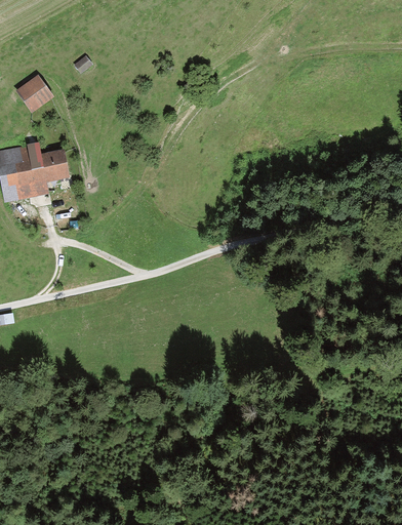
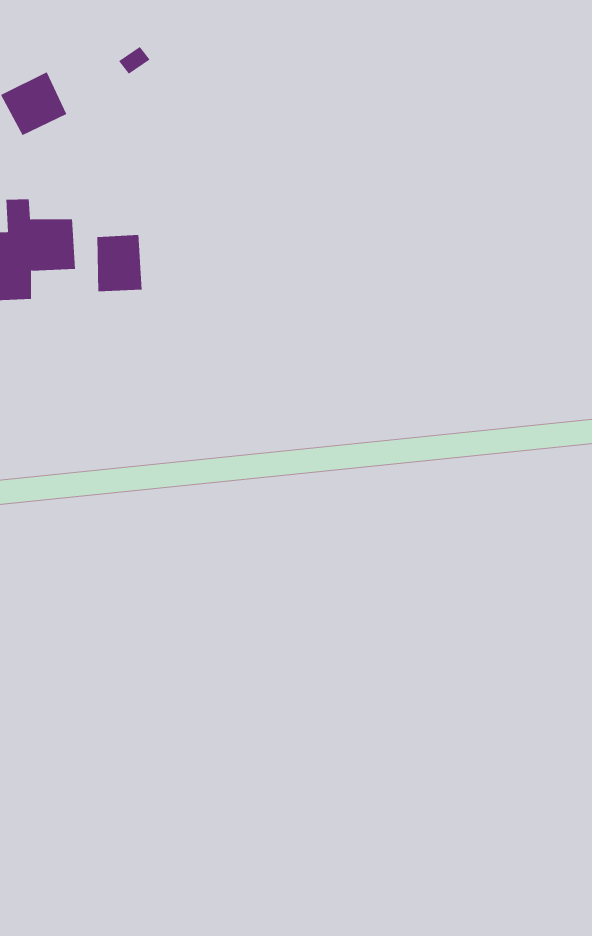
building: none -> [97,234,142,292]

